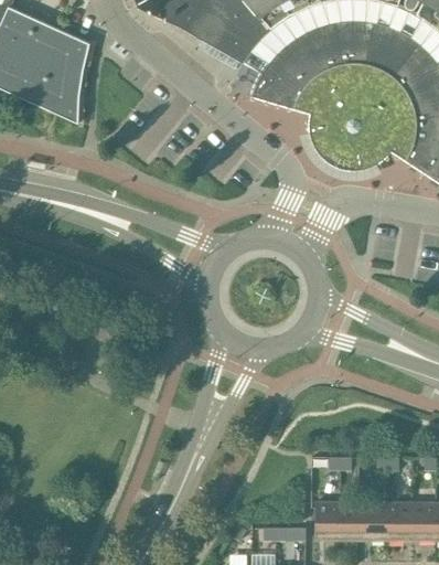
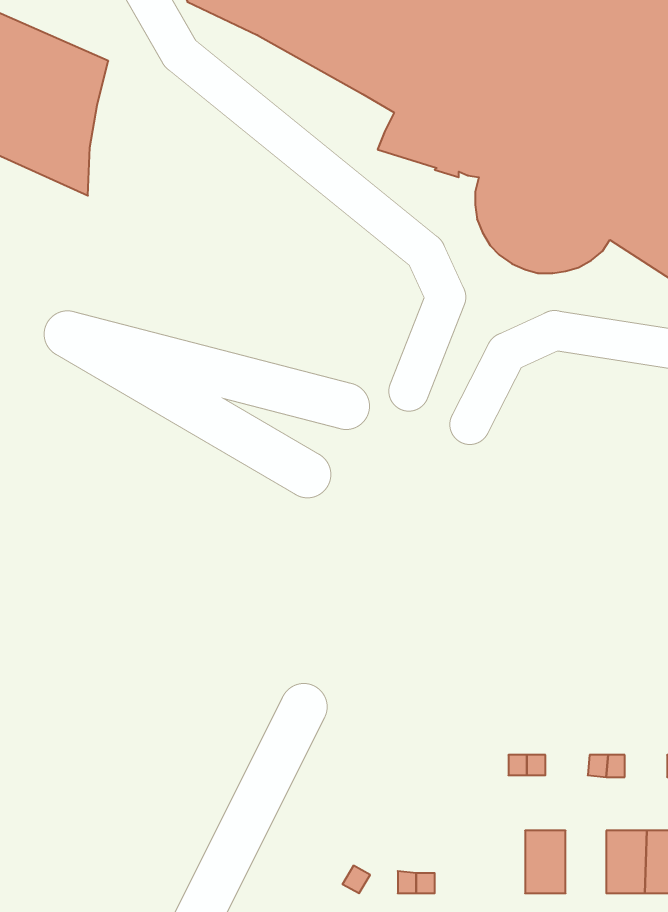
building: [313,500,338,539] -> none
building: [362,501,386,539] -> none

